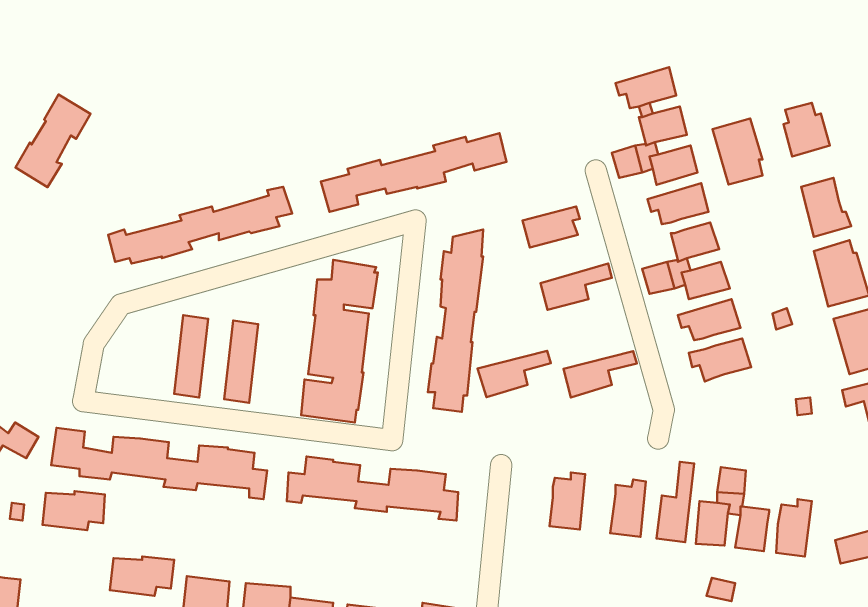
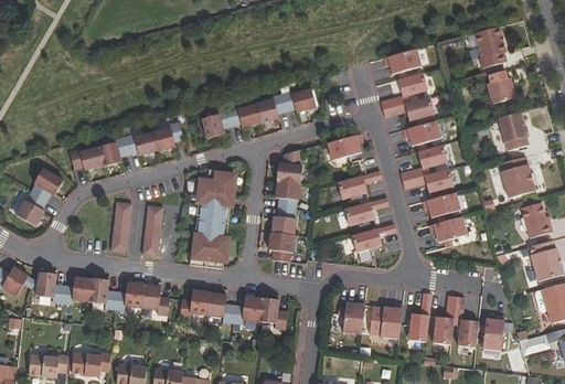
building: [15,94,90,187] -> [15,170,62,227]
building: [713,119,763,185] -> [476,26,507,67]
building: [478,351,551,397] -> [344,198,390,226]
building: [42,491,105,530] -> [29,352,67,376]

